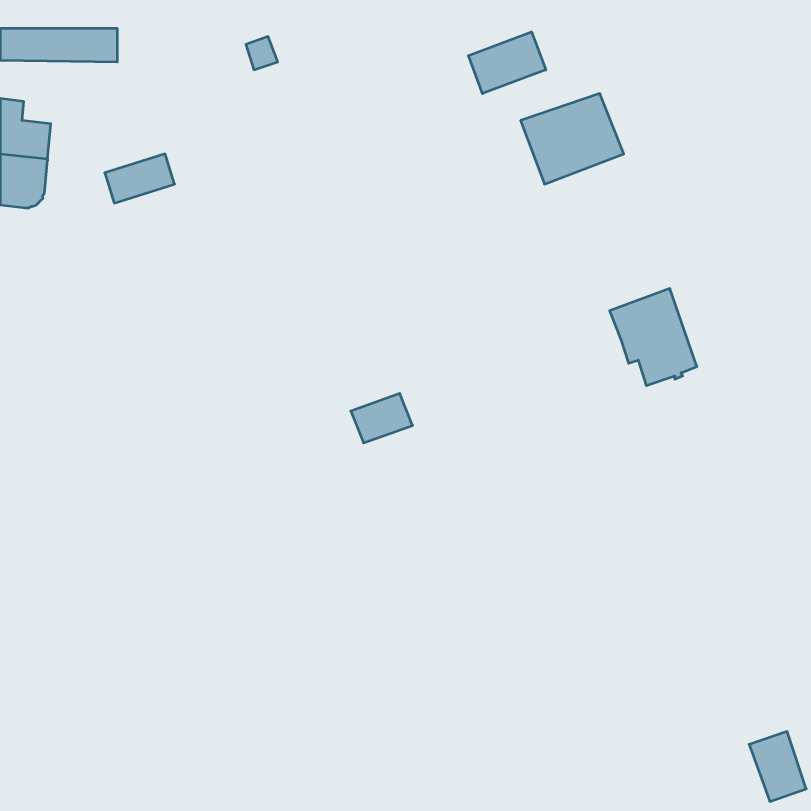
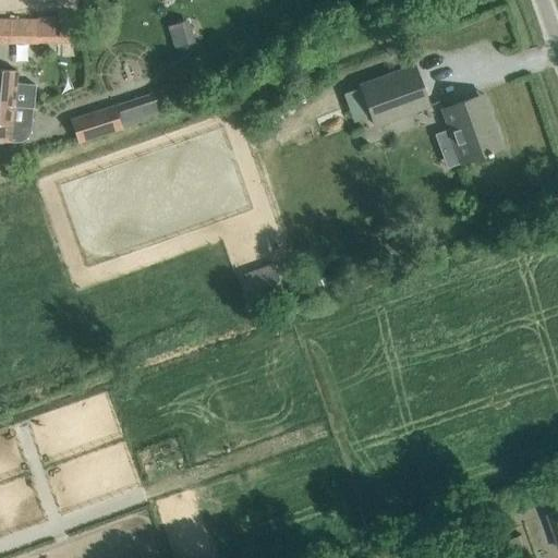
building: [468,32,546,94] -> none
building: none -> [117,90,168,126]
building: [610,289,697,385] -> [441,94,501,160]

